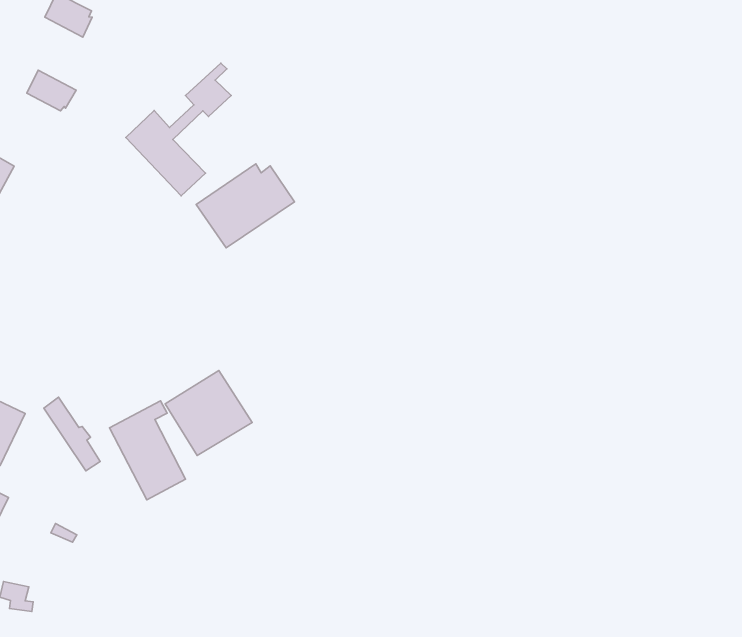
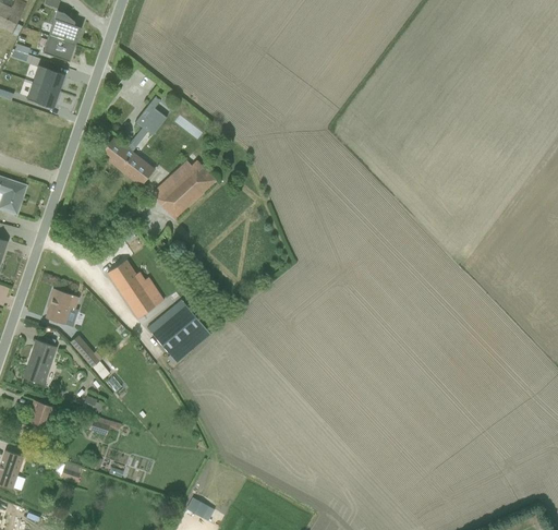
building: [27,70,76,111] -> [27,82,60,107]
building: none -> [45,288,78,322]
building: [110,401,186,500] -> [107,250,162,317]

